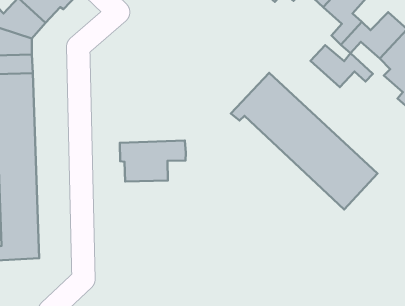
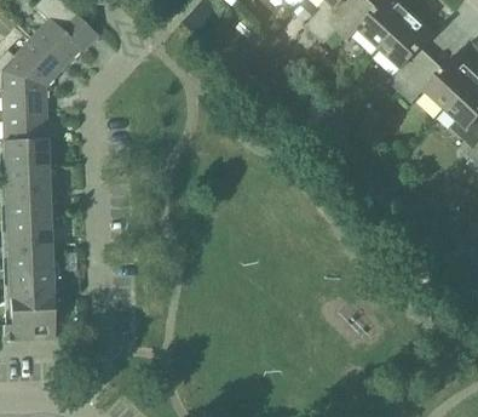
building: [311,45,373,87] -> none
building: [231,73,377,209] -> none
building: [120,141,186,181] -> none

